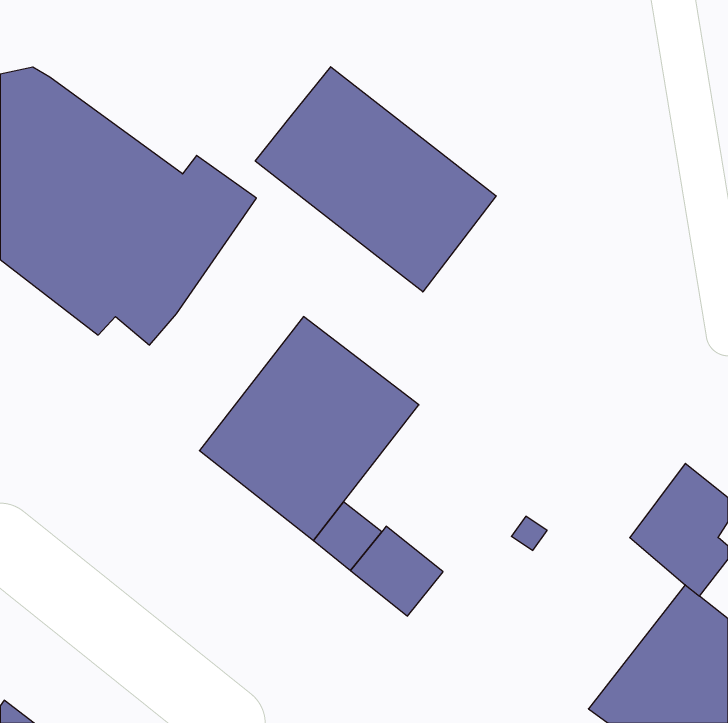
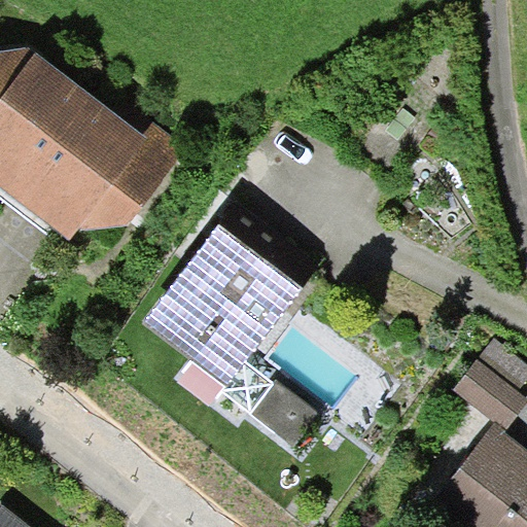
building: [255,67,496,292] -> none

